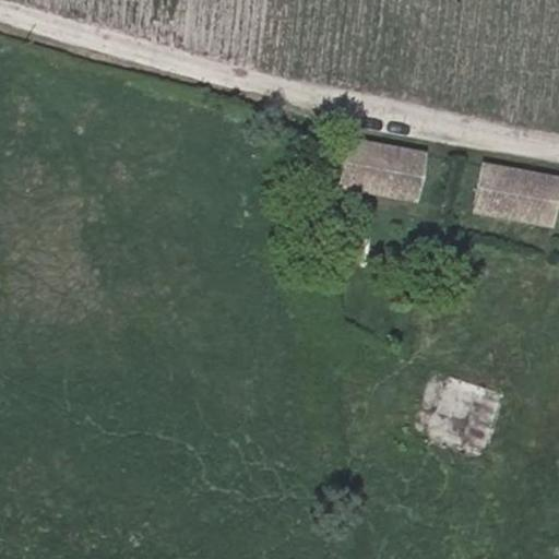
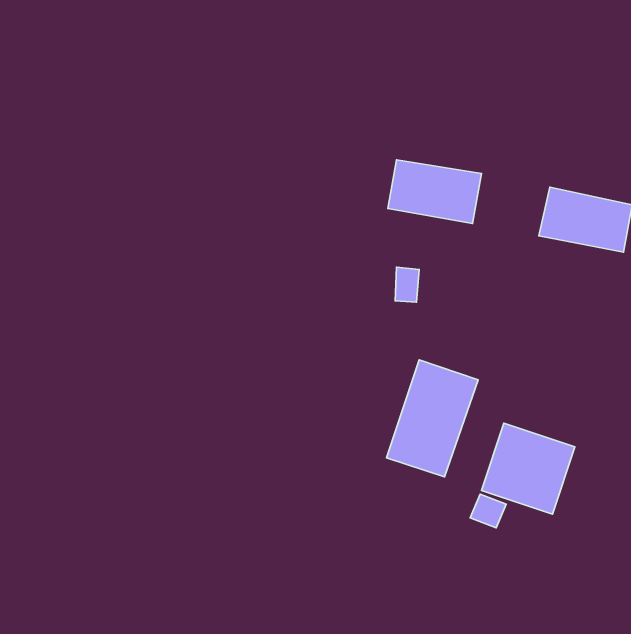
building: none -> [387,360,478,477]

